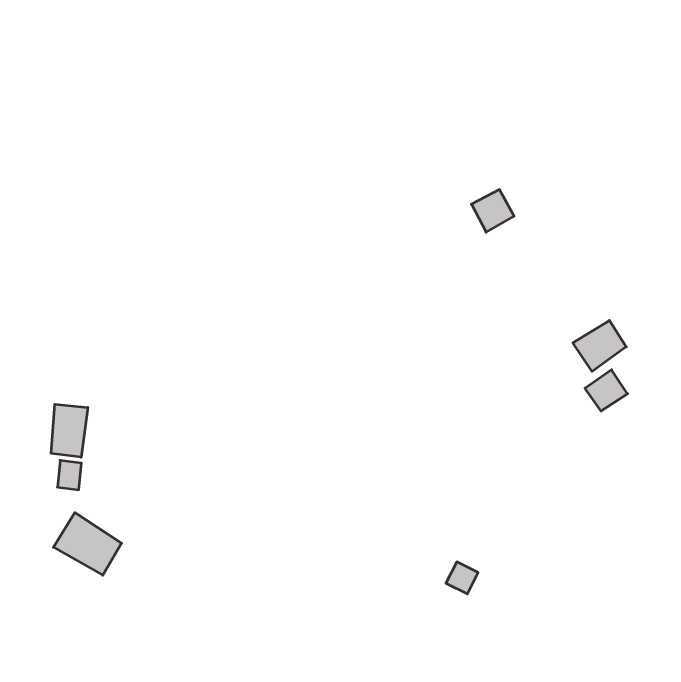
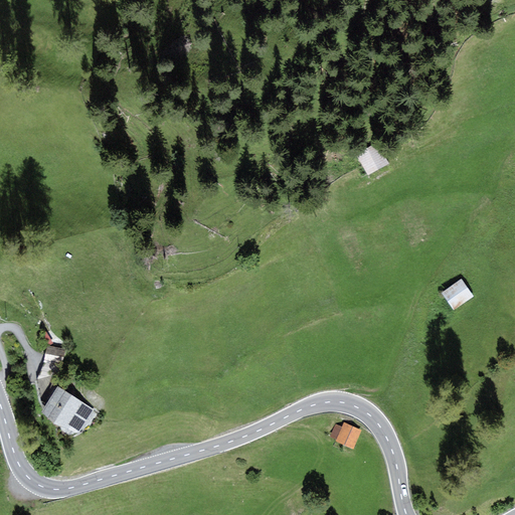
building: [573,320,626,371] -> none
building: [51,404,88,457] -> none

